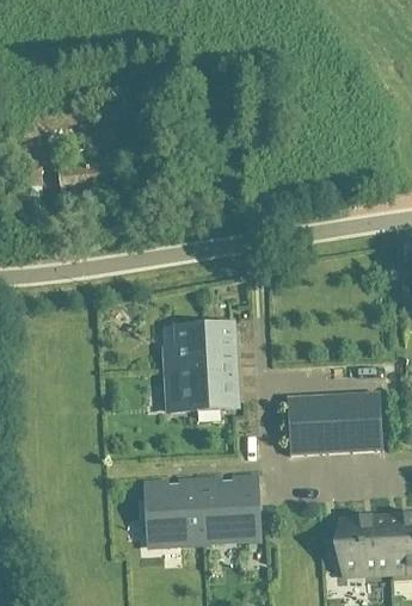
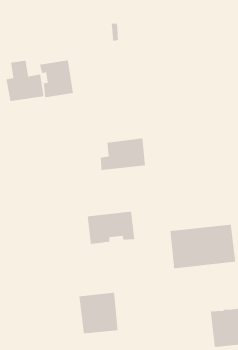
building: none -> [39,60,74,98]
building: [166,323,233,369] -> [100,138,146,171]
building: [201,481,257,544] -> none

